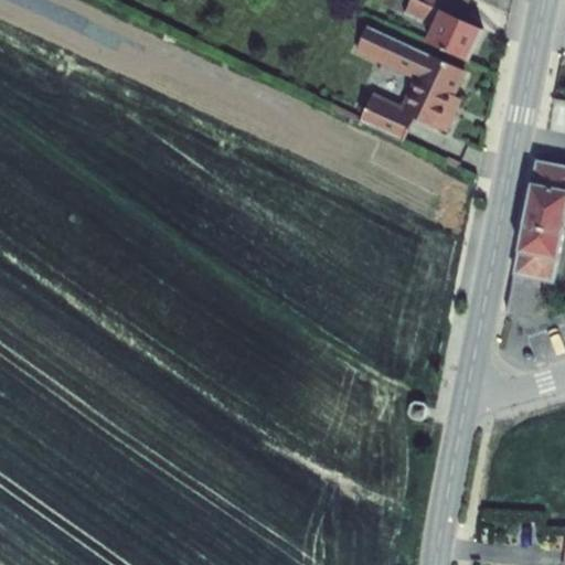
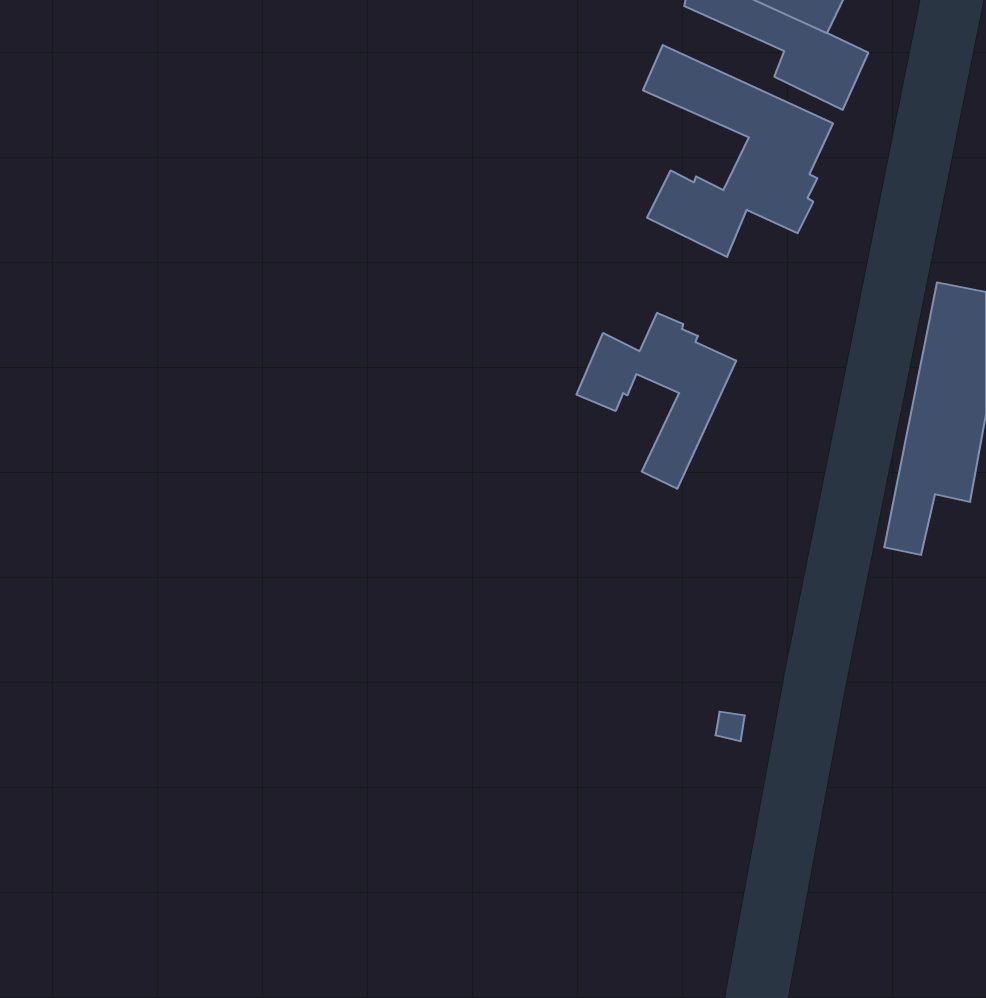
building: none -> [577,313,736,489]

